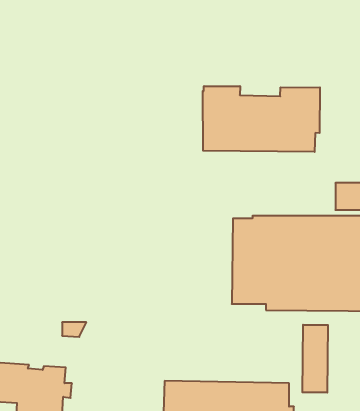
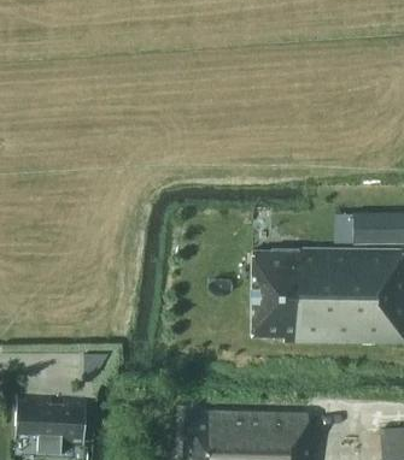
building: [203,86,320,152] -> none
building: [302,325,328,393] -> none

